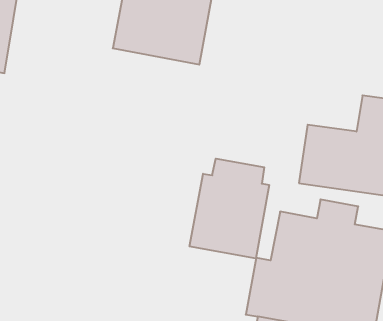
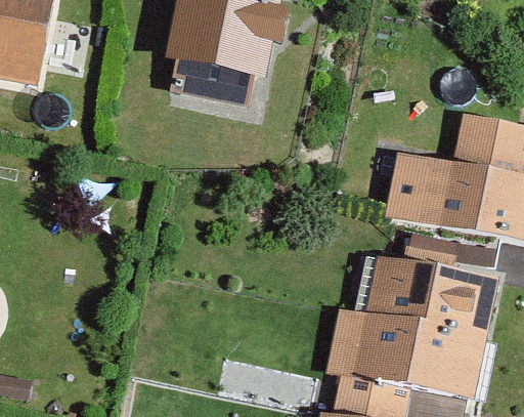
building: [190,159,269,259] -> none

